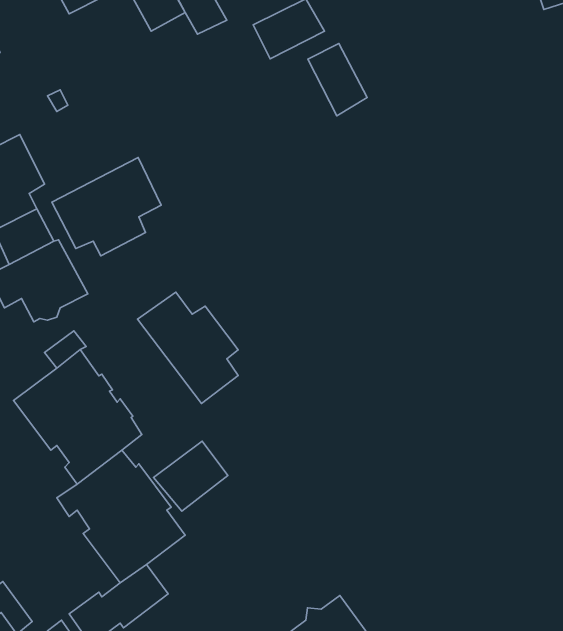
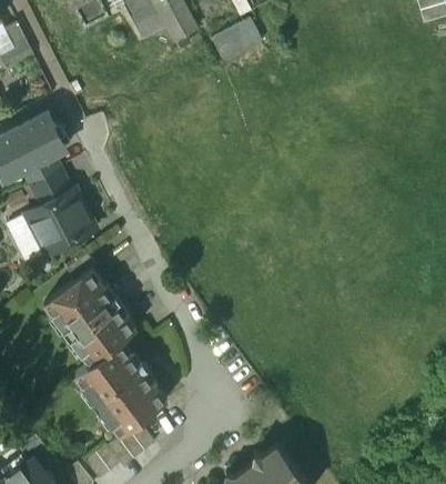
building: [308,44,367,116] -> none
building: [52,157,161,256] -> none
building: [138,292,238,403] -> none
building: [154,441,228,511] -> none

